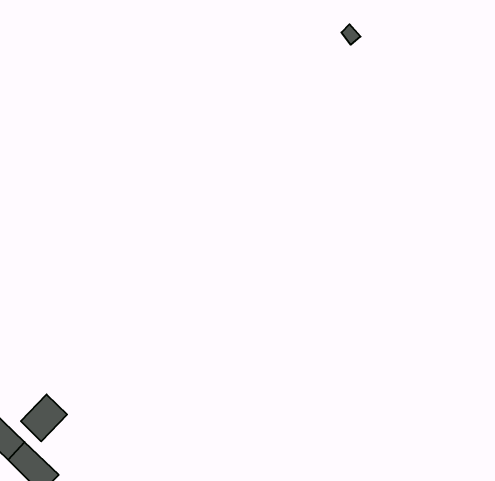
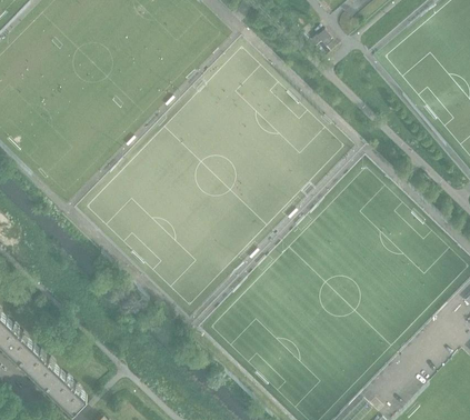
building: [21,394,67,441] -> none

